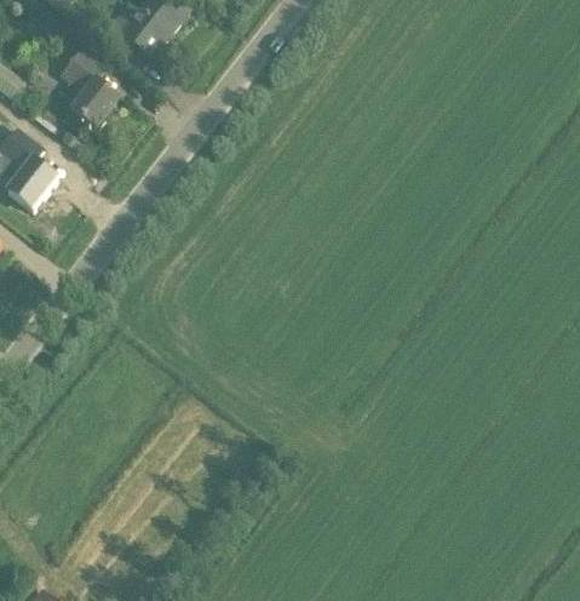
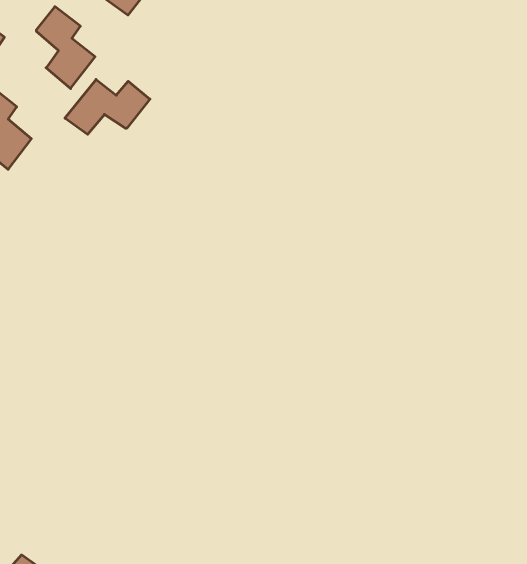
building: none -> [65,79,150,134]

